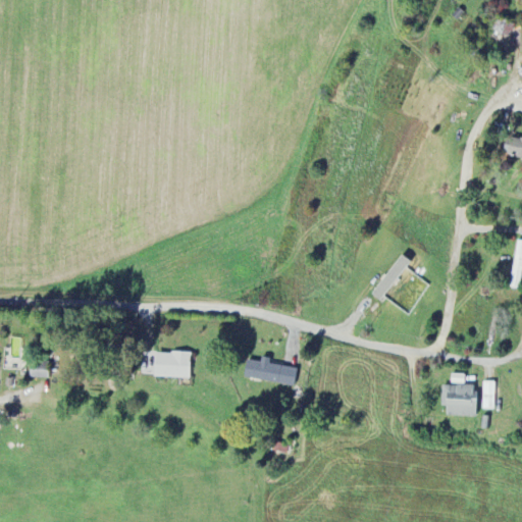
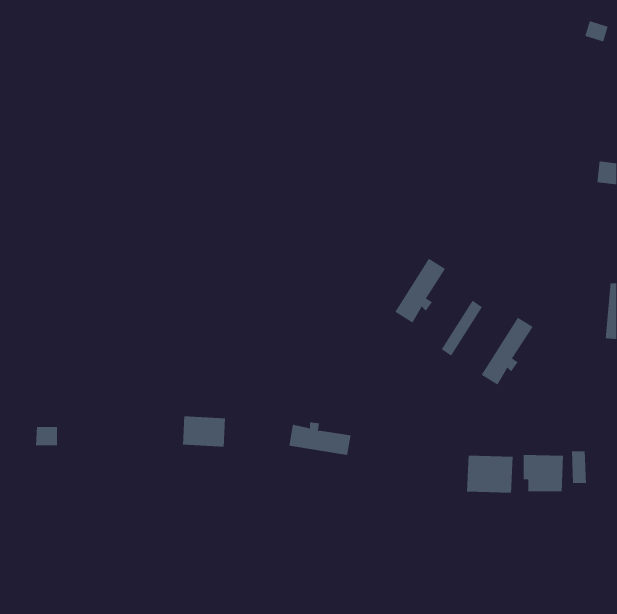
building: none -> [394,258,446,323]
building: none -> [481,317,534,386]
building: none -> [467,455,513,494]

